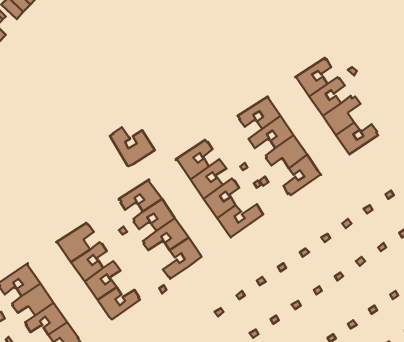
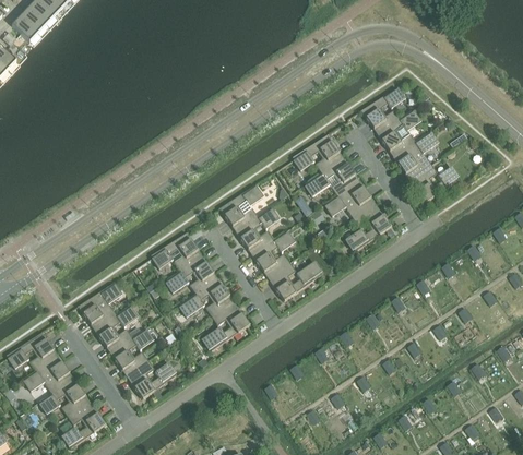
building: [110,127,155,166] -> none

